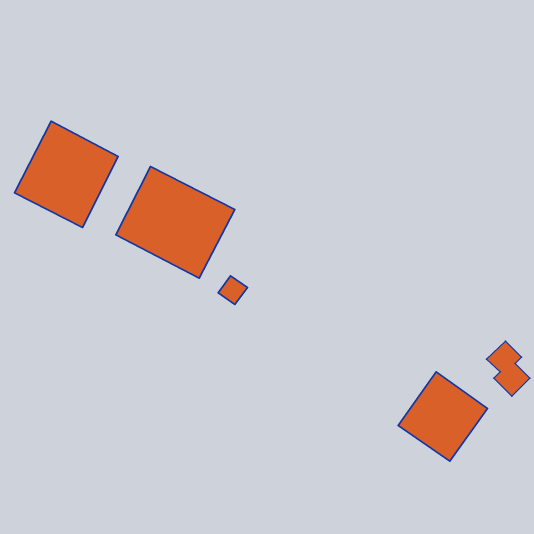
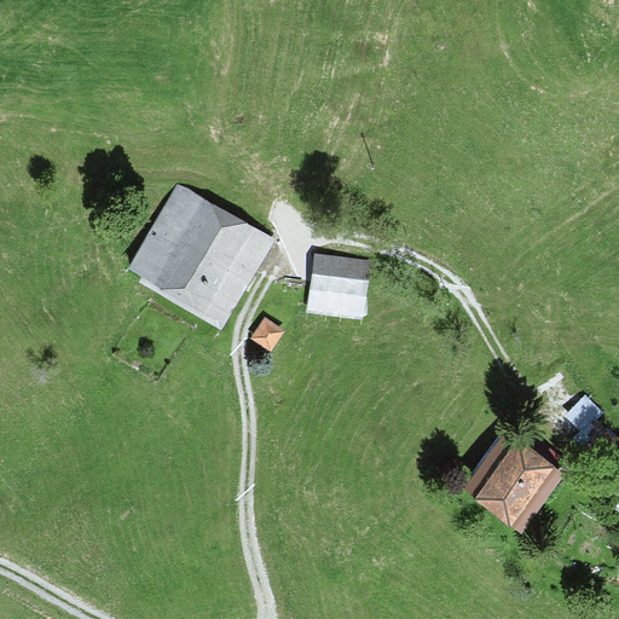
building: [14,121,118,227] -> none
building: none -> [311,253,370,318]

